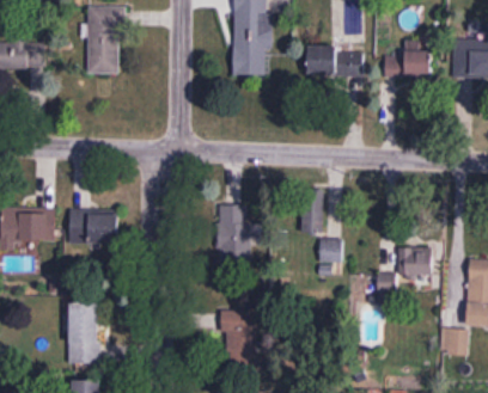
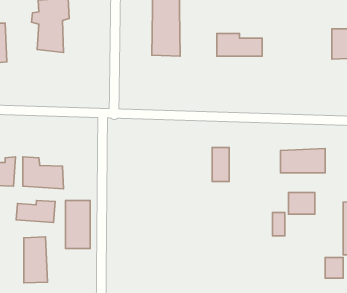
building: [388,42,433,78] -> none
building: none -> [280,149,325,173]
building: [221,205,252,266] -> [66,201,90,249]
building: [322,240,344,265] -> none
building: none -> [16,200,55,222]
building: [226,311,260,366] -> none

